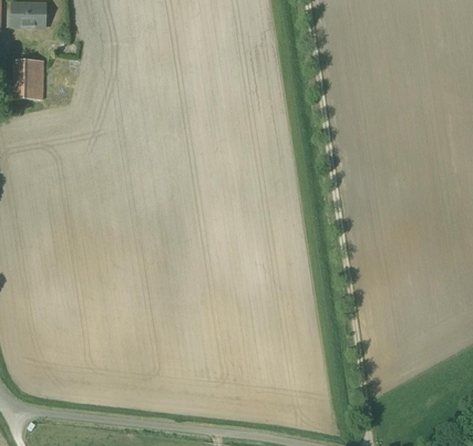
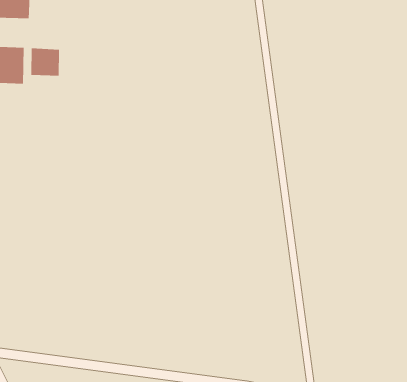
building: none -> [31,47,60,76]

